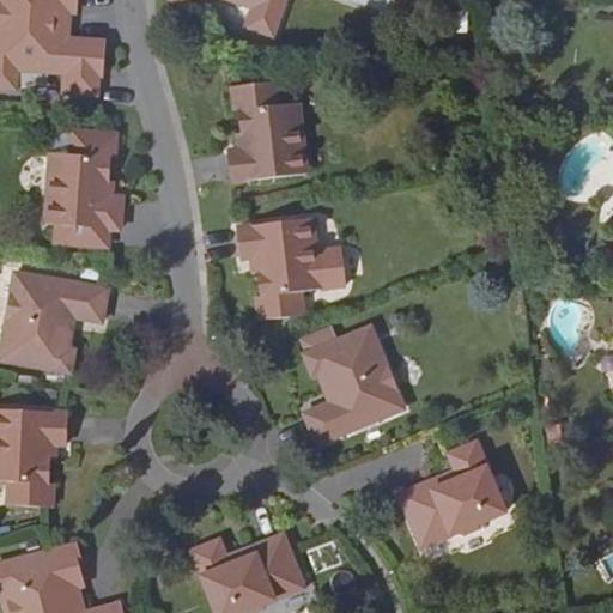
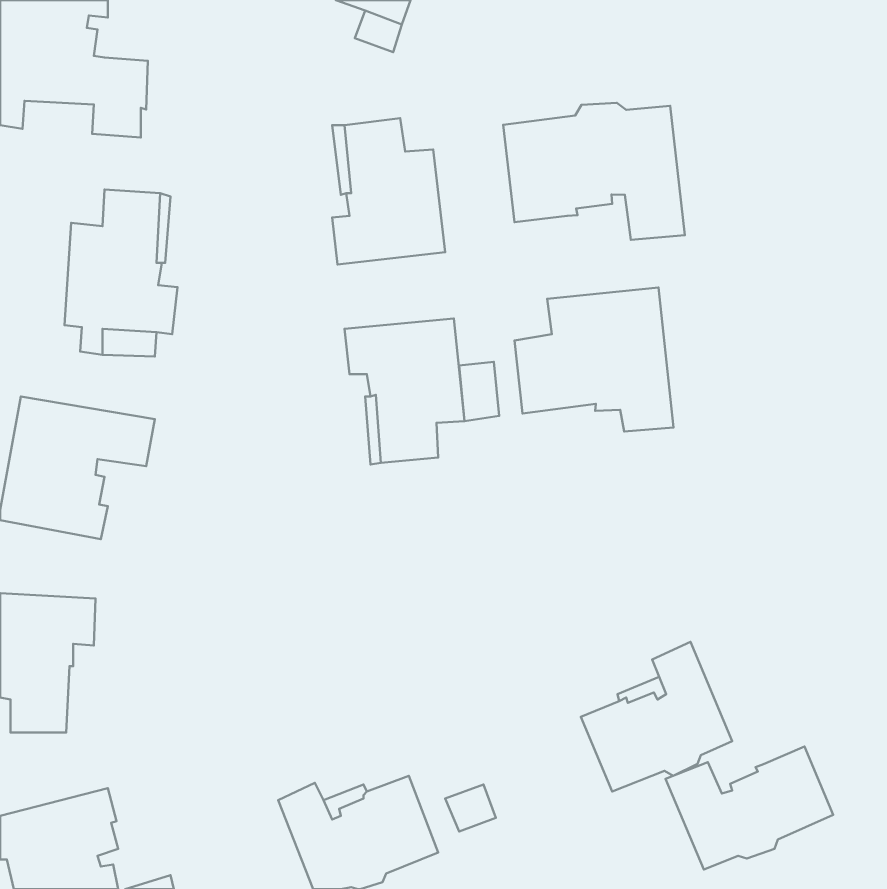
building: none -> [503,103,685,240]
building: none -> [514,288,674,432]
building: [304,327,403,444] -> none
building: none -> [666,747,833,870]

